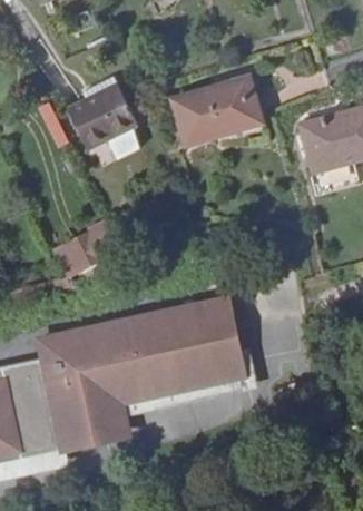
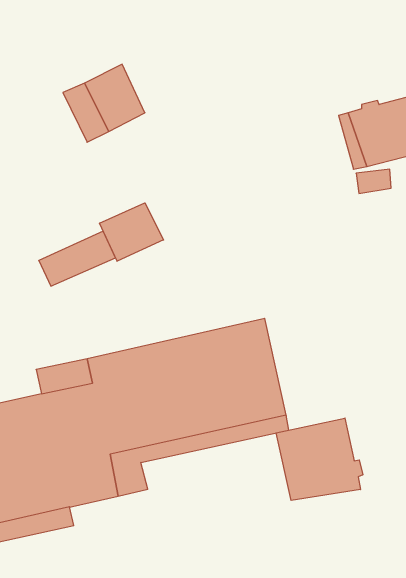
building: [173,75,263,144] -> none
building: none -> [100,203,164,261]
building: none -> [276,418,363,500]

